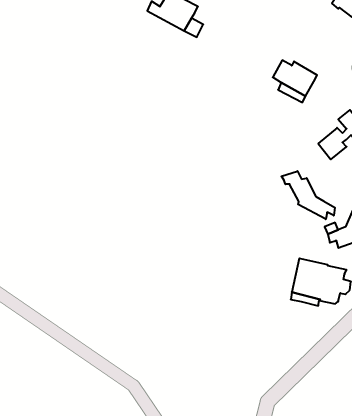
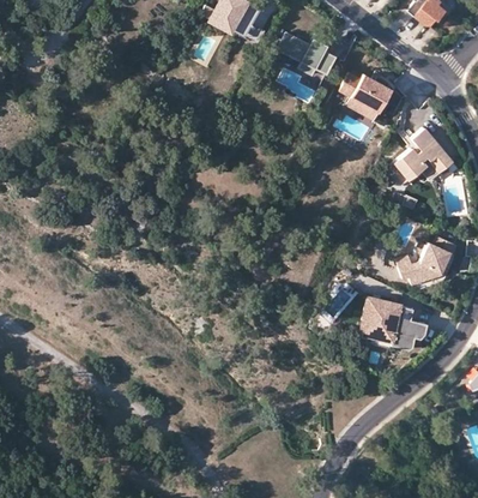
building: none -> [276,32,332,74]
building: [281,171,335,219] -> none

